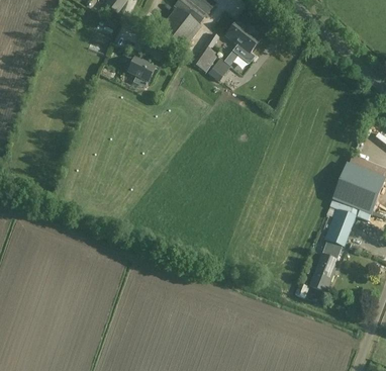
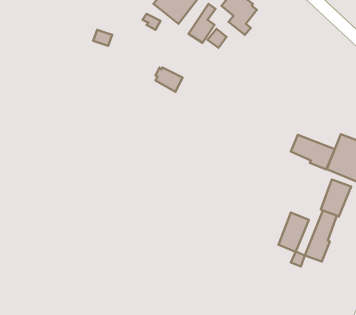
building: [127,57,155,81] -> [155,68,182,92]
building: none -> [291,135,335,169]
building: none -> [279,212,309,252]

